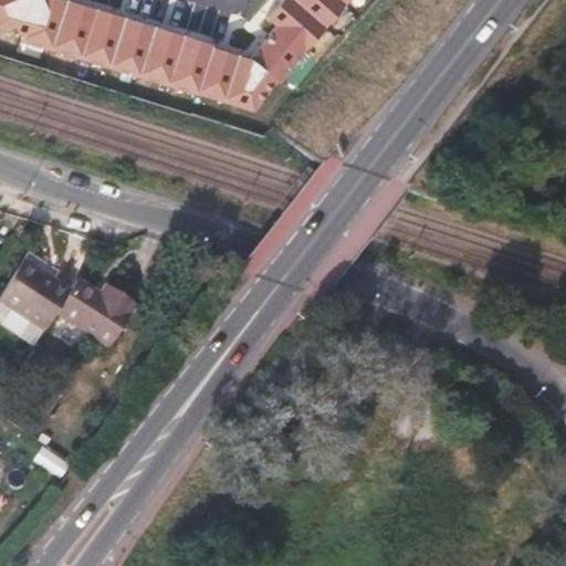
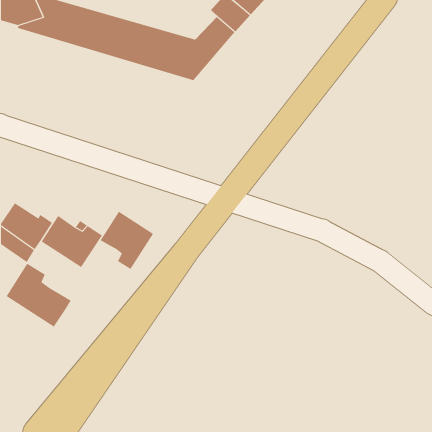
building: none -> [100,211,154,270]
building: none -> [6,263,71,327]

